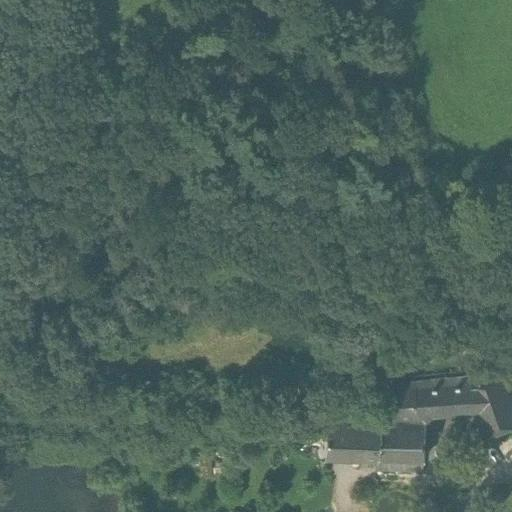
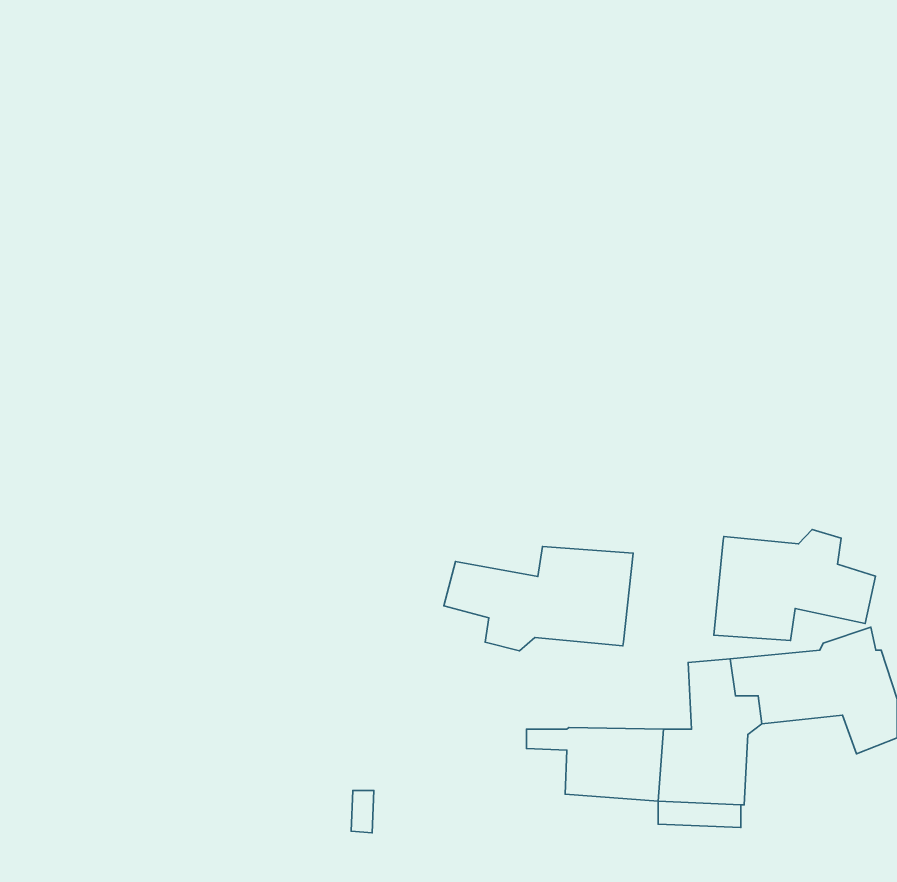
building: none -> [714,530,876,641]
building: none -> [444,547,633,651]

